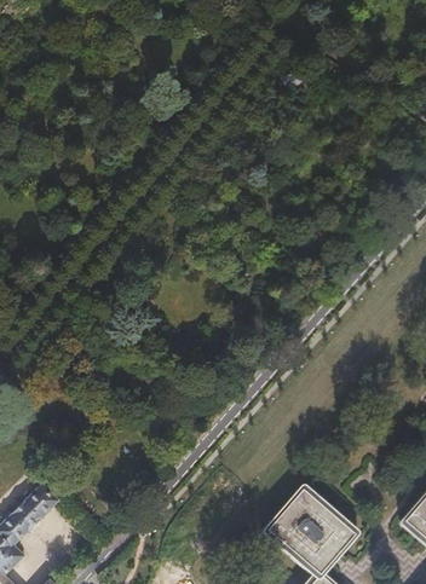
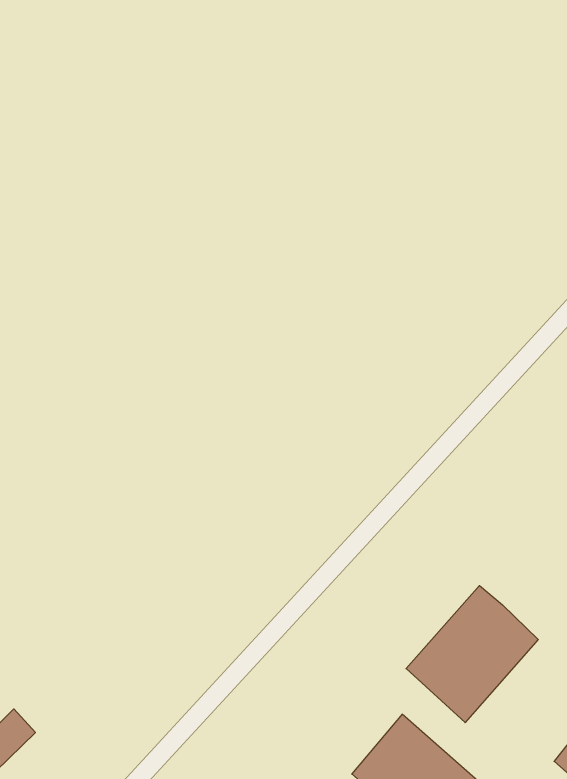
building: none -> [406,586,538,723]

